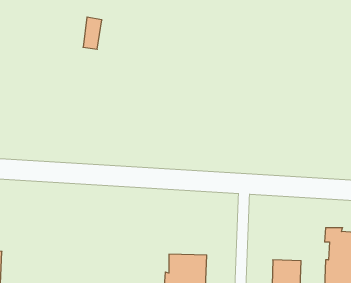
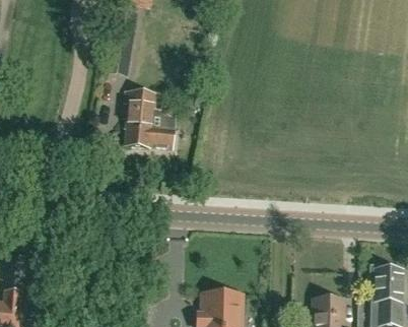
building: none -> [125,88,176,146]

